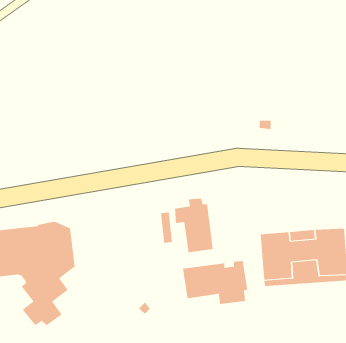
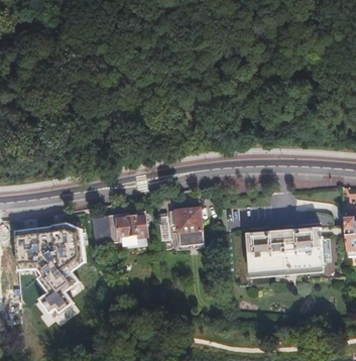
building: [182,260,248,305] -> [91,210,148,248]

